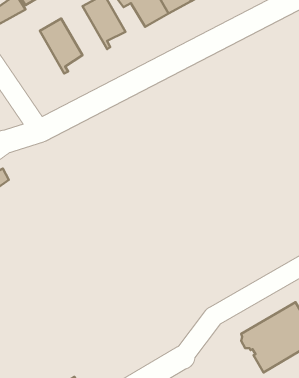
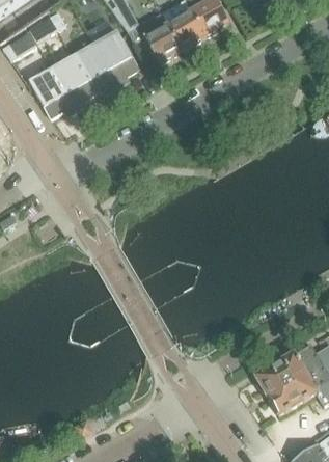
building: none -> [74,43,120,92]
building: none -> [29,67,77,118]

